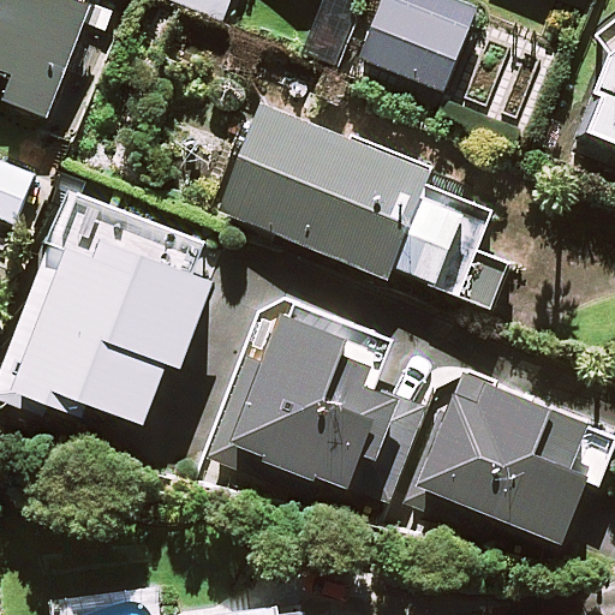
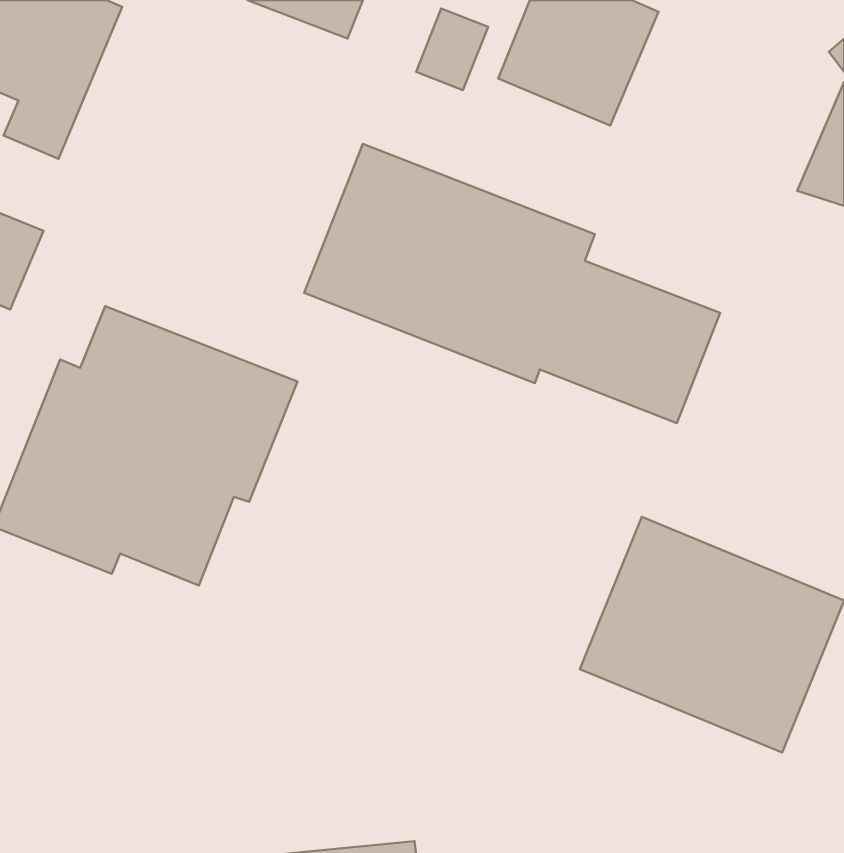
building: [232,304,441,501] -> none

